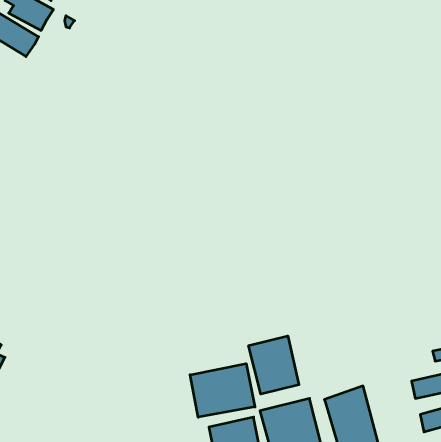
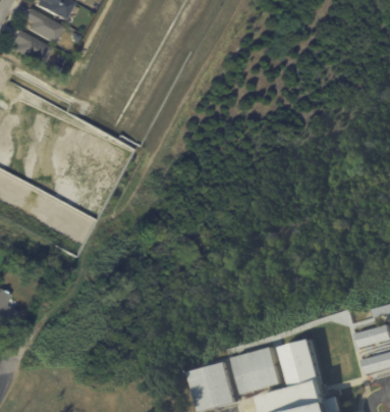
building: [249,336,299,394] -> none
building: [190,364,255,417] -> none

